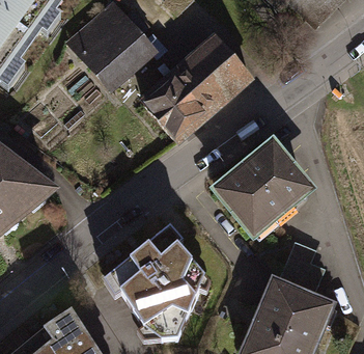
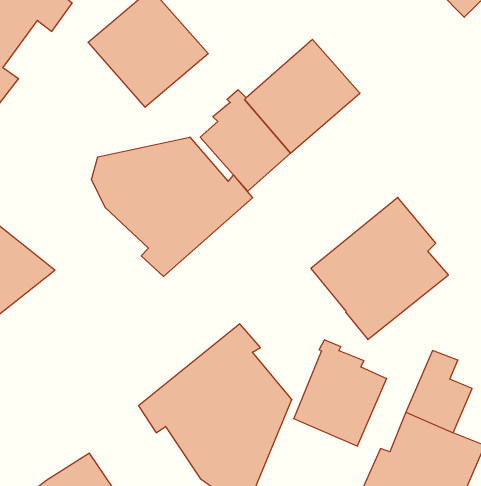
building: none -> [91,137,253,276]
building: none -> [294,340,387,446]

